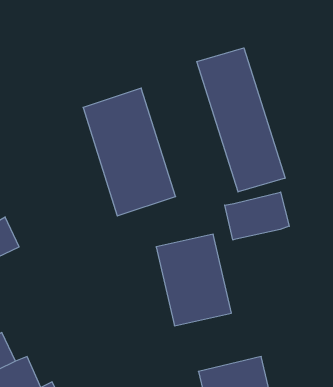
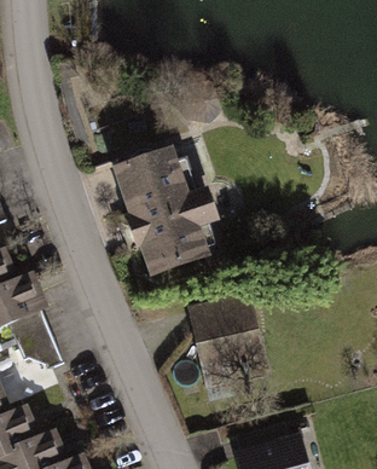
building: [197,48,285,192] -> none
building: [225,192,289,240] -> none

